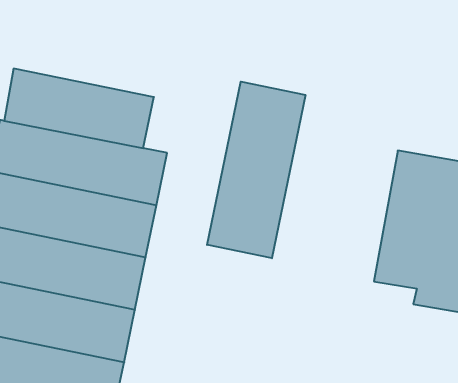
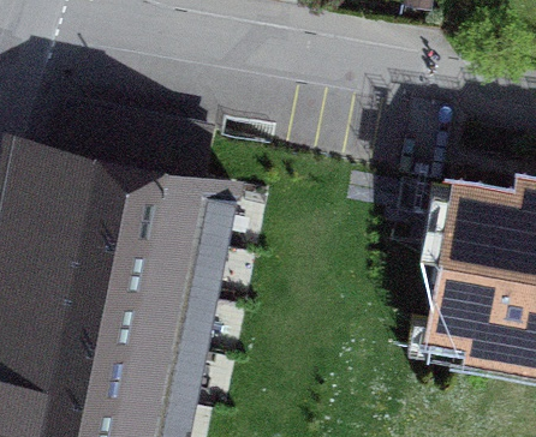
building: [207,82,305,258] -> none

